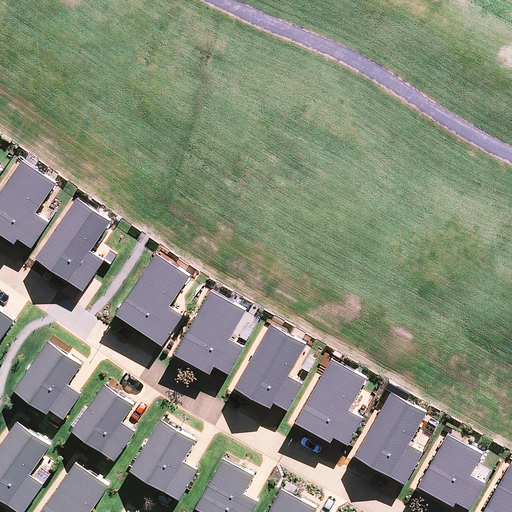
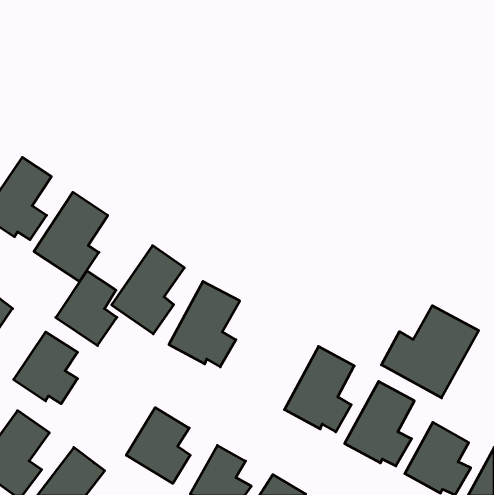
building: none -> [381,306,479,398]
building: [233,325,305,413] -> none
building: [71,384,134,461] -> [56,271,117,346]

